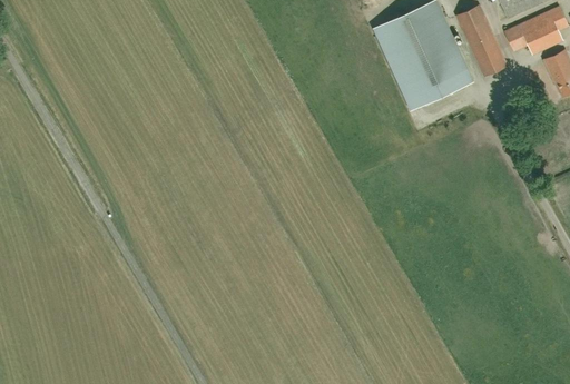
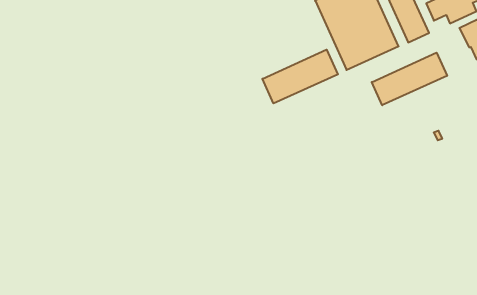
building: none -> [262,50,338,103]
building: none -> [372,53,447,105]

